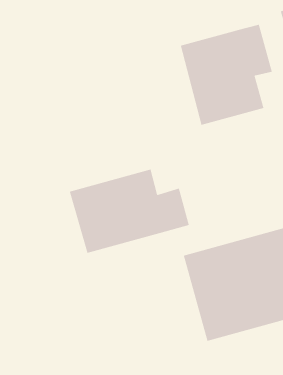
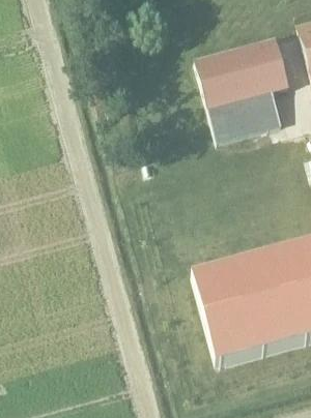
building: [69,169,190,254] -> none

